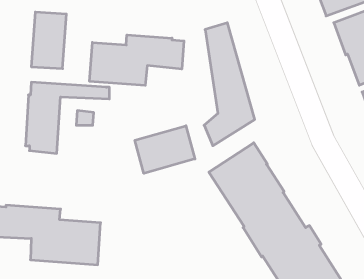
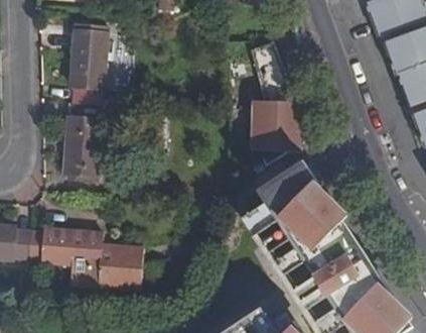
building: [90,35,184,85] -> none
building: [135,126,195,173] -> none

